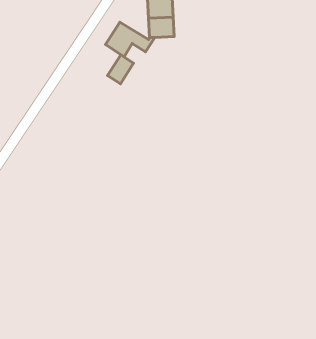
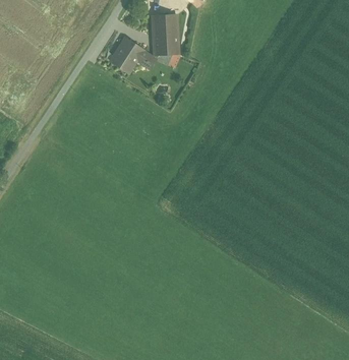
building: [108,55,133,84] -> none

